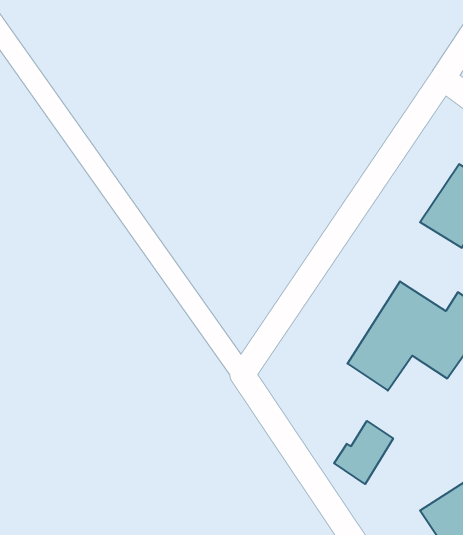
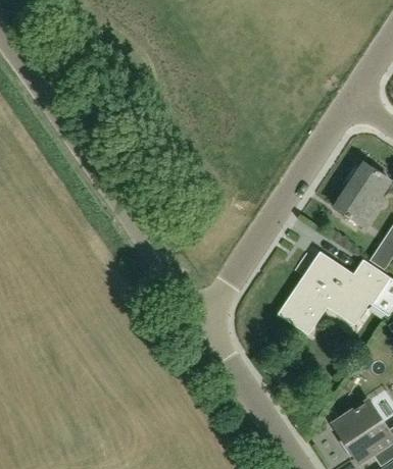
building: [334,421,393,484] -> none

